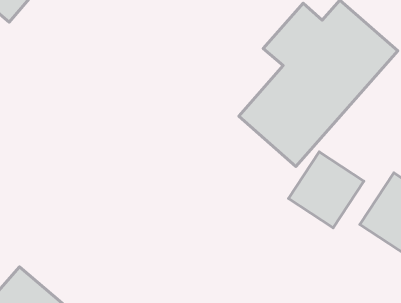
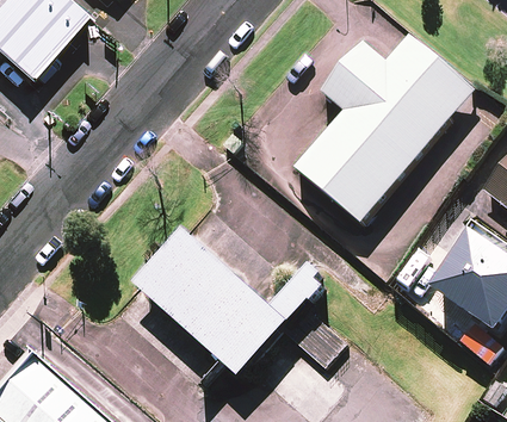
building: [289,152,364,228] -> none
building: none -> [138,213,290,359]

